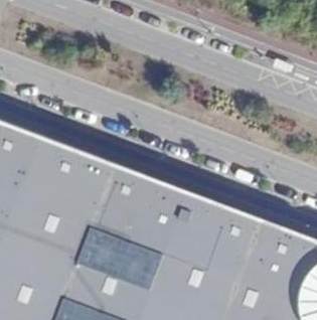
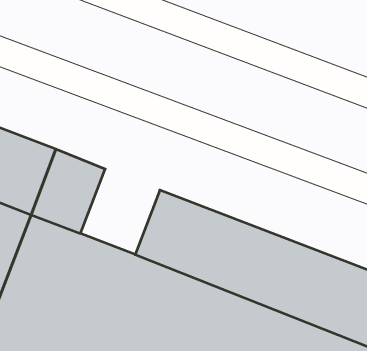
building: [74,163,139,232] -> none

